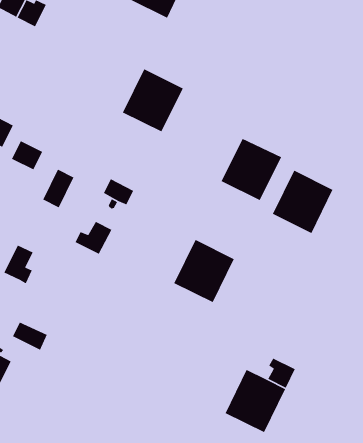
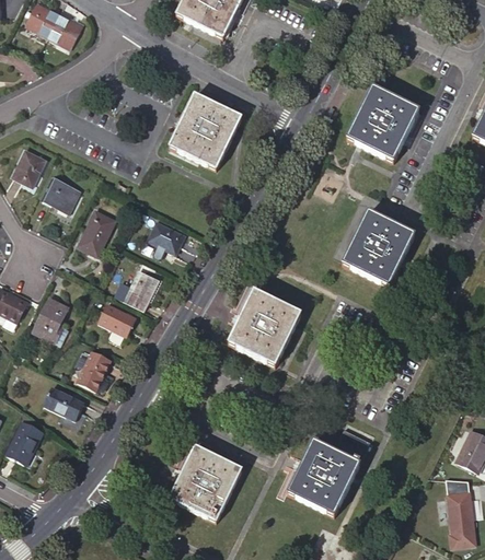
building: [220,138,282,201] -> [347,86,418,160]
building: none -> [99,302,135,335]
building: none -> [77,350,109,389]
building: none -> [170,445,241,520]

